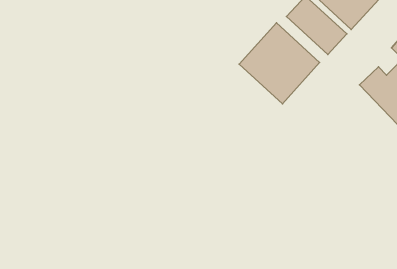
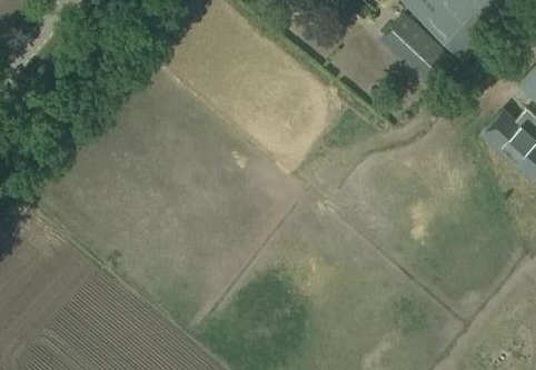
building: [239,23,320,104] -> none

